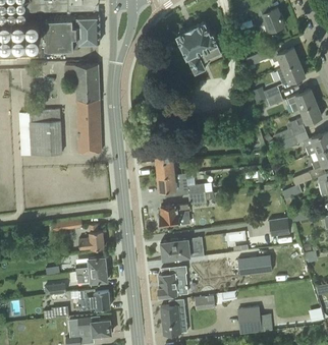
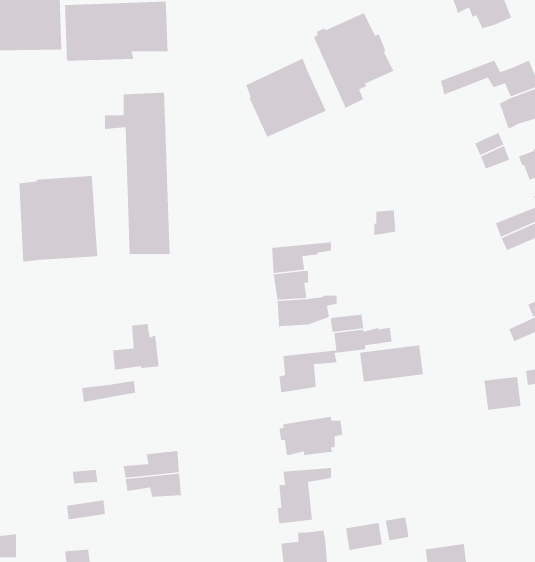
building: none -> [245,57,327,138]
building: [78,225,104,250] -> [112,323,160,371]
building: [237,255,272,276] -> [359,345,424,383]
building: [78,290,111,309] -> none

